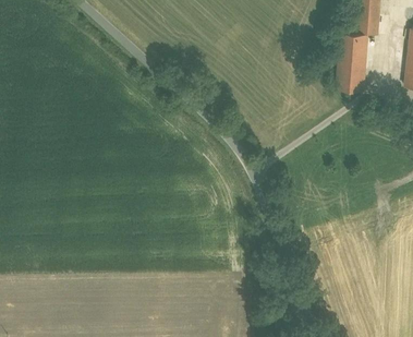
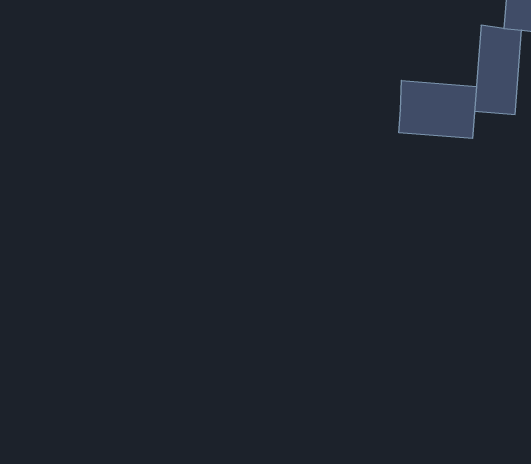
building: none -> [399,80,476,138]

